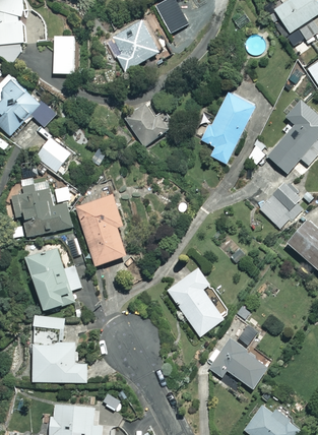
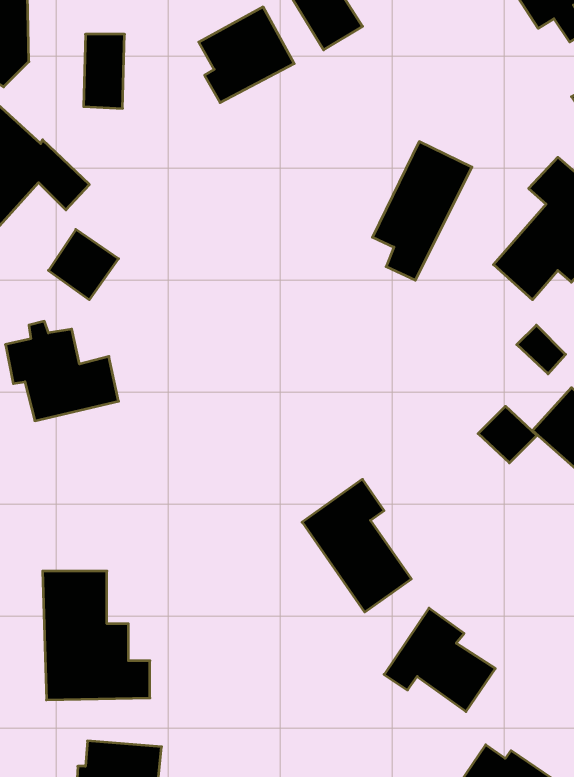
building: [125,103,175,146] -> none
building: [75,194,126,265] -> none
building: [264,197,295,227] -> [478,406,537,463]
building: [26,247,81,310] -> none

